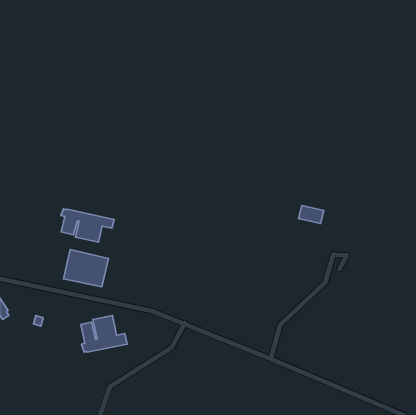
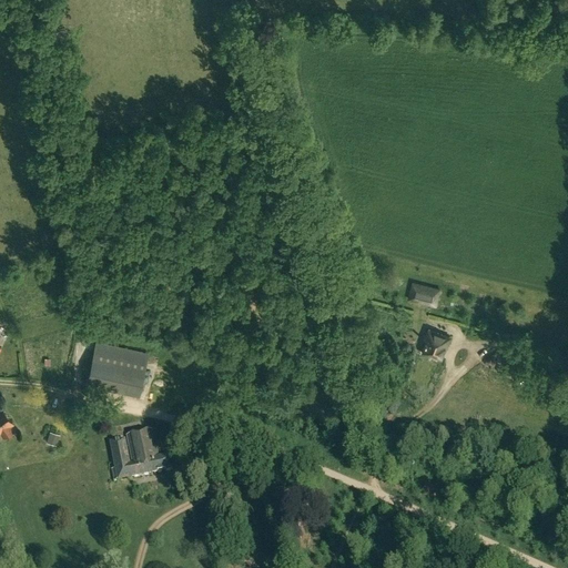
building: [61,209,114,242] -> none
building: none -> [422,328,450,355]

